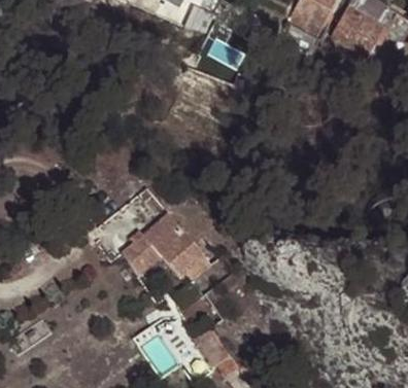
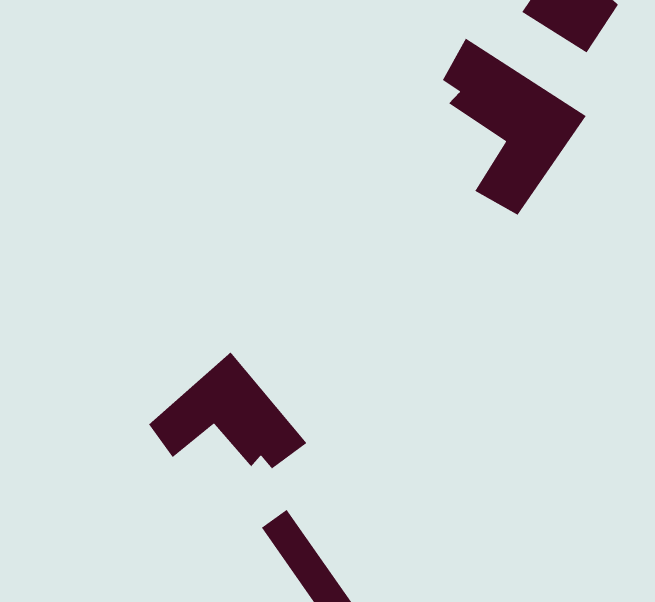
building: none -> [442,38,587,216]

